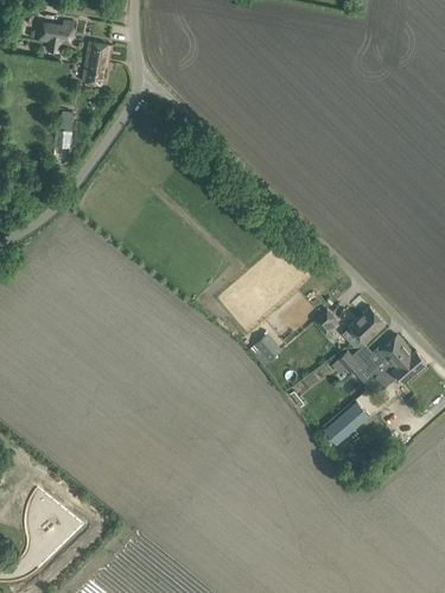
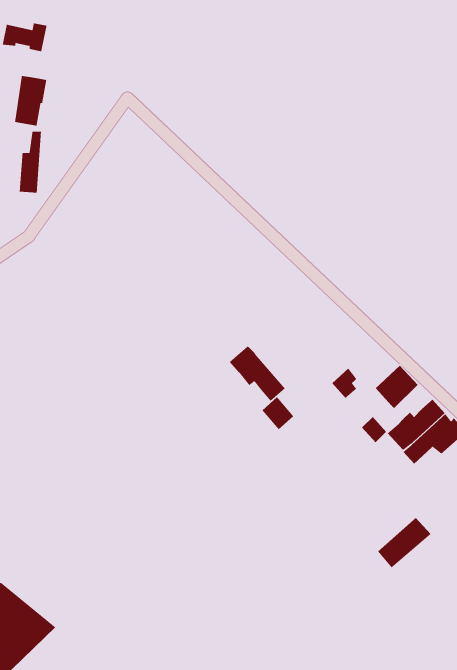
building: [82,43,109,86] -> [14,75,47,127]
building: none -> [229,346,286,402]
building: [323,403,368,446] -> [377,517,431,568]

